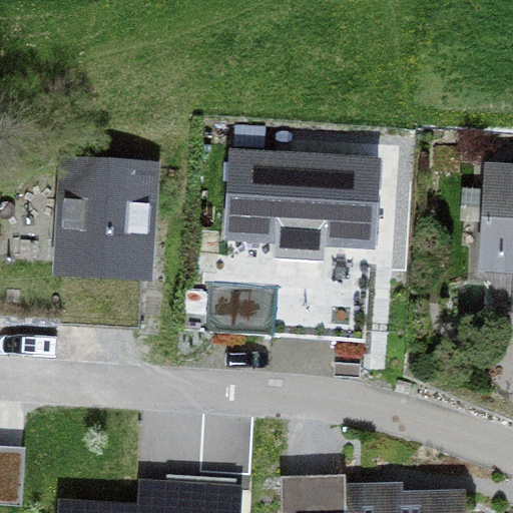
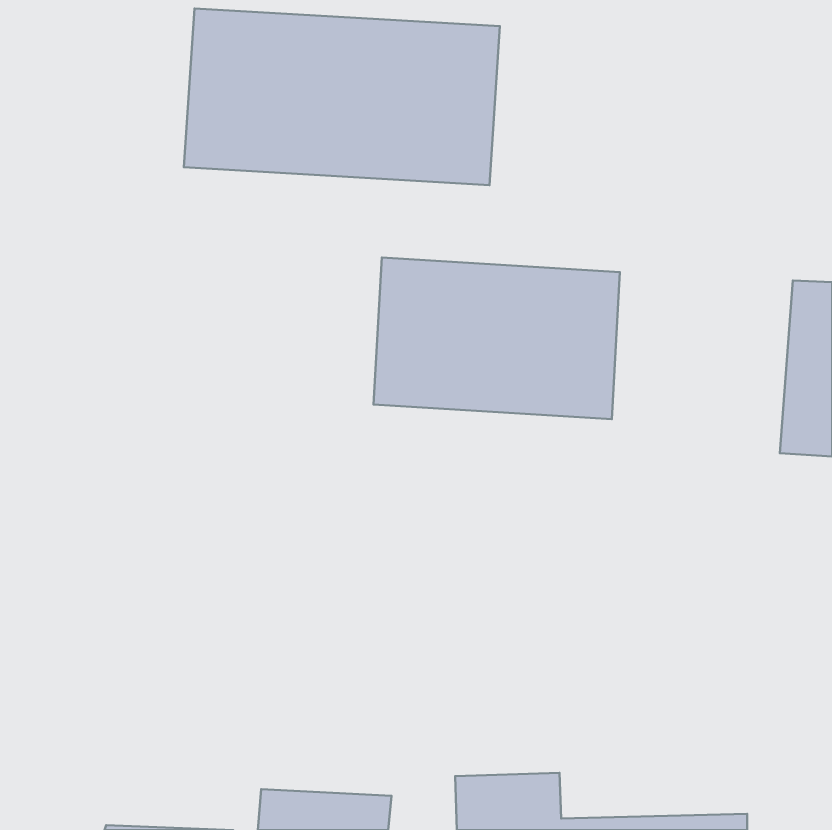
building: none -> [184,8,500,185]
building: [49,154,160,281] -> none

